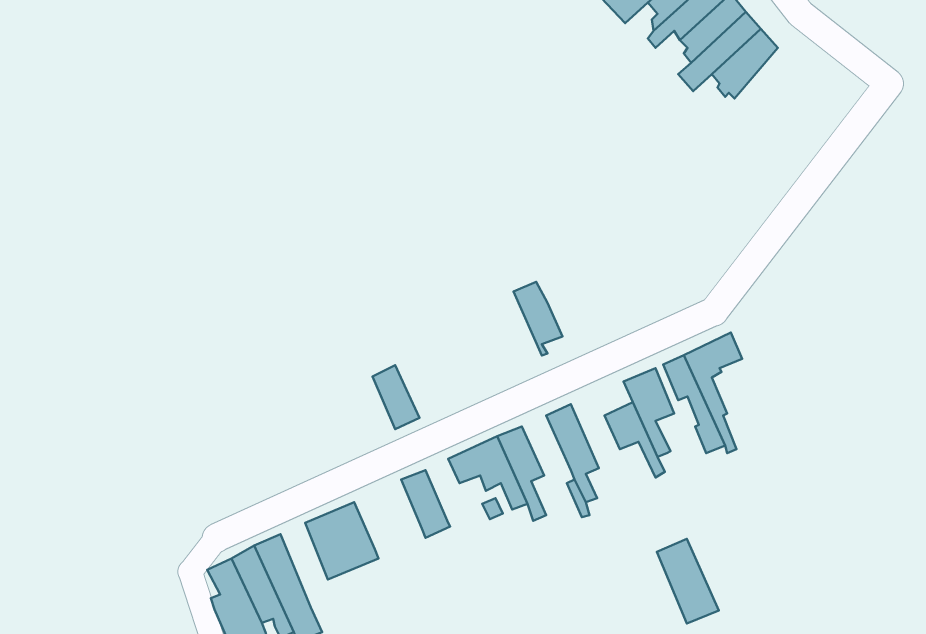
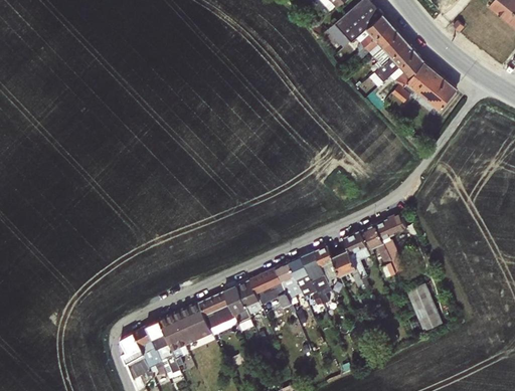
building: none -> [391,61,455,110]
building: [513,282,562,355] -> [314,246,340,285]
building: [373,365,420,429] -> [236,280,262,315]
building: none -> [288,257,314,292]
building: none -> [198,291,234,329]
building: none -> [159,315,188,360]
building: [657,539,719,624] -> [407,284,441,330]

